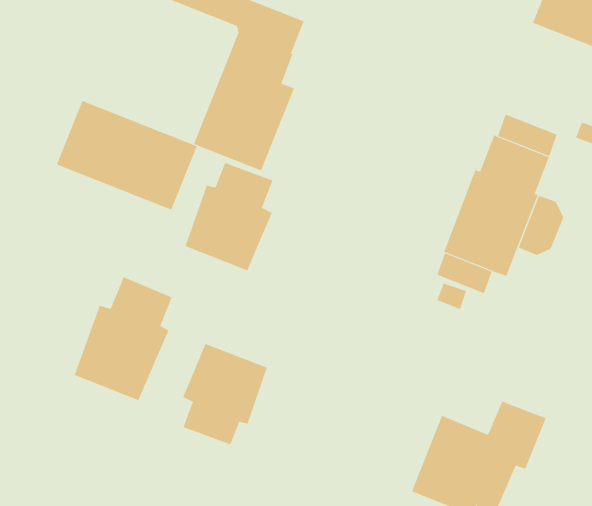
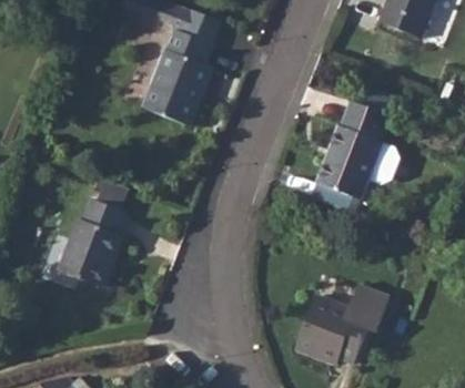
building: [56,100,197,210] -> none
building: [185,162,273,271] -> none
building: [182,343,267,445] -> none

